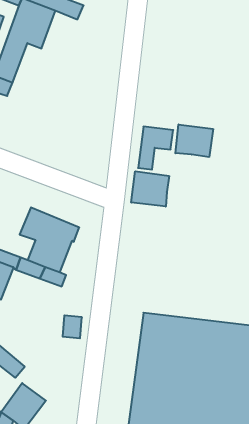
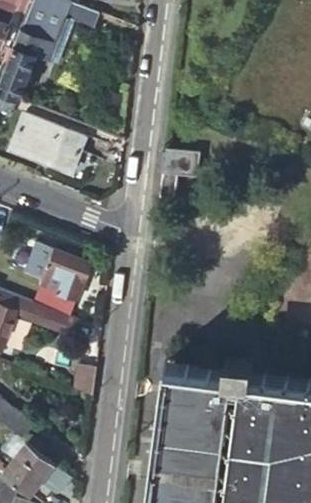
building: none -> [9,113,83,169]
building: [175,124,213,157] -> none
building: [131,171,169,207] -> none

